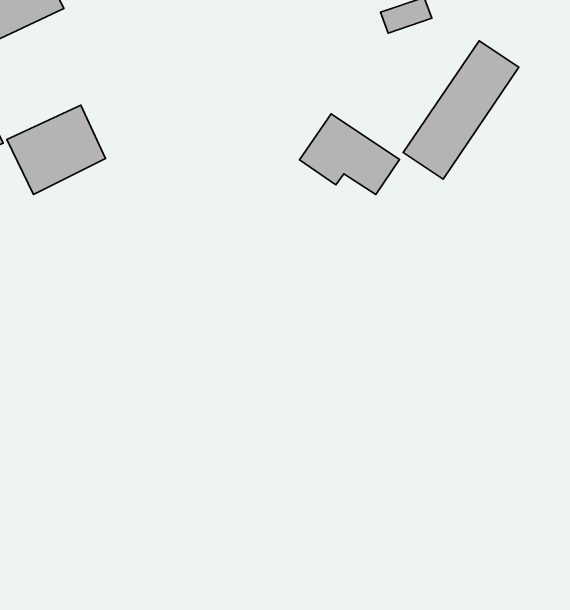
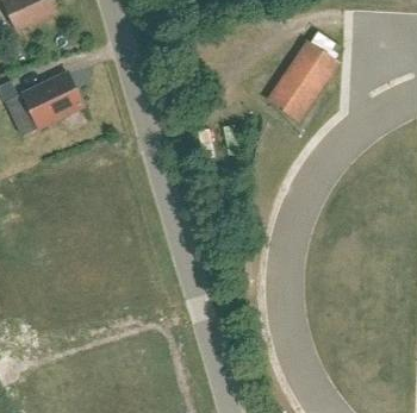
building: [300,114,400,194] -> none

